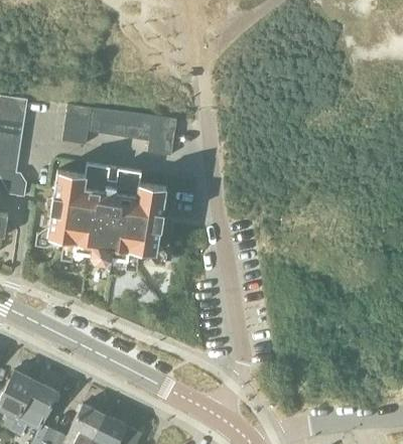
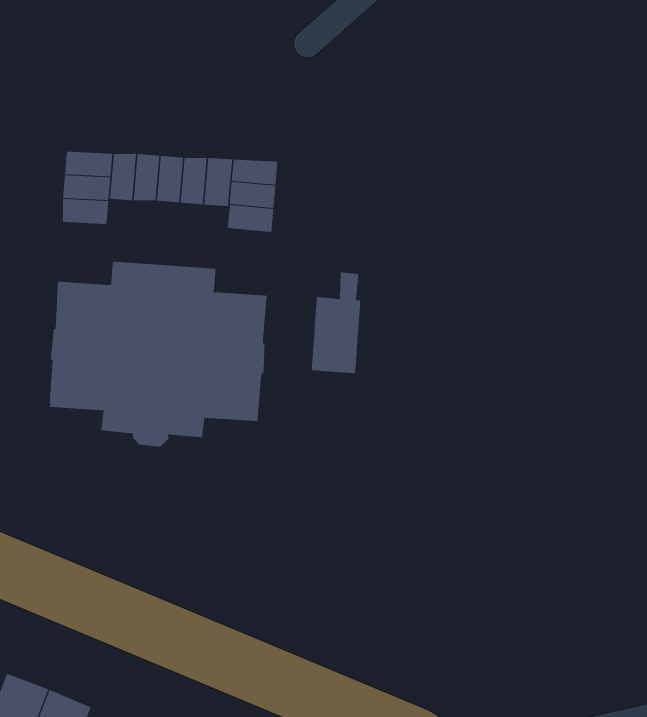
building: none -> [311,272,361,374]

